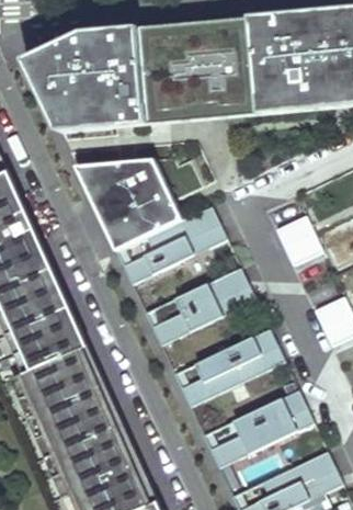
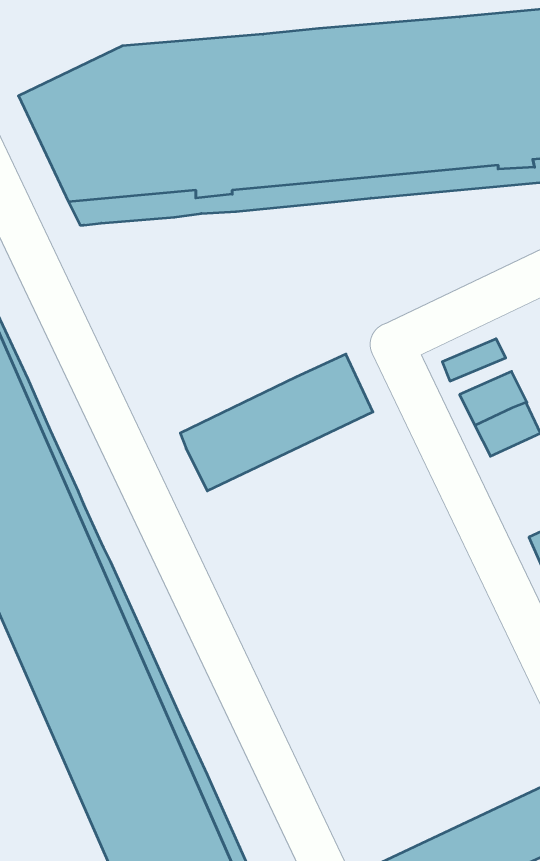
building: [73,158,200,251] -> none
building: [143,268,252,345] -> none
building: [171,329,282,407] -> none
building: [201,390,310,467] -> none

